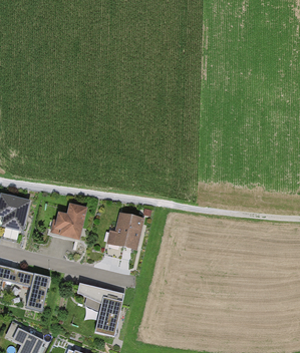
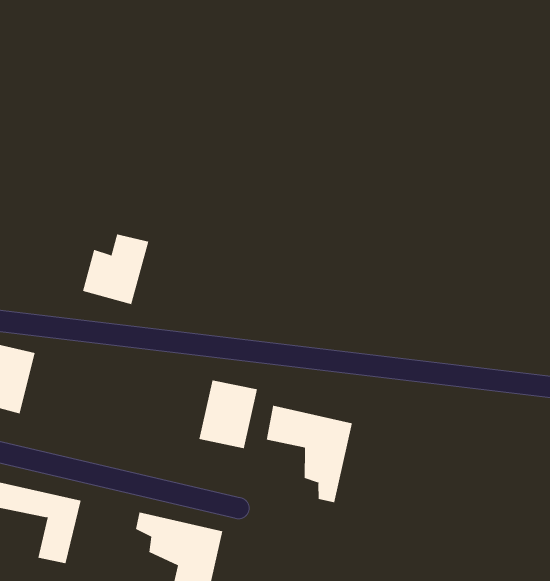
building: [48,202,83,239] -> [82,234,149,305]
building: none -> [266,405,353,503]

